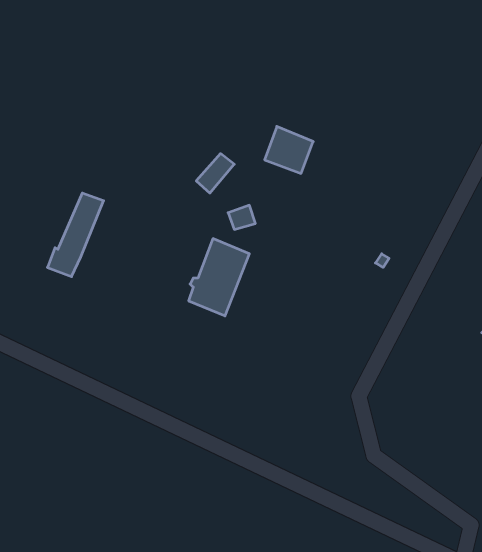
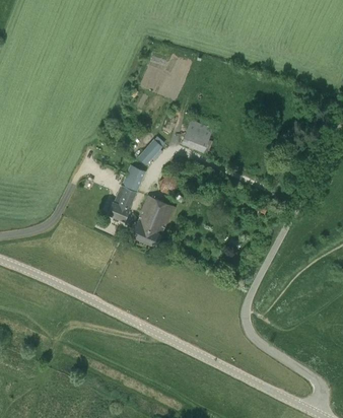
building: [47,193,104,277] -> [109,164,146,220]

